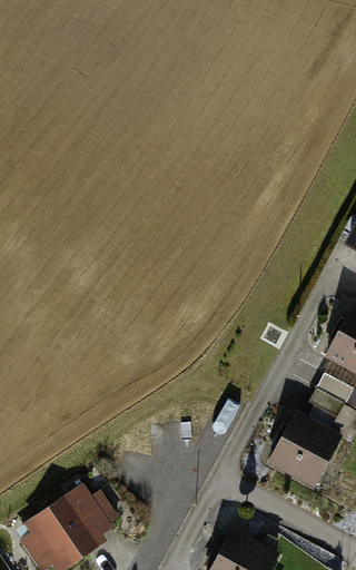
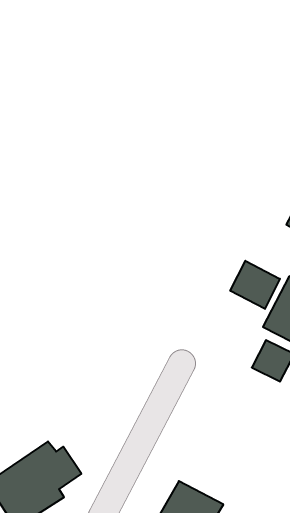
building: none -> [230,261,280,309]
building: [268,412,340,489] -> none

